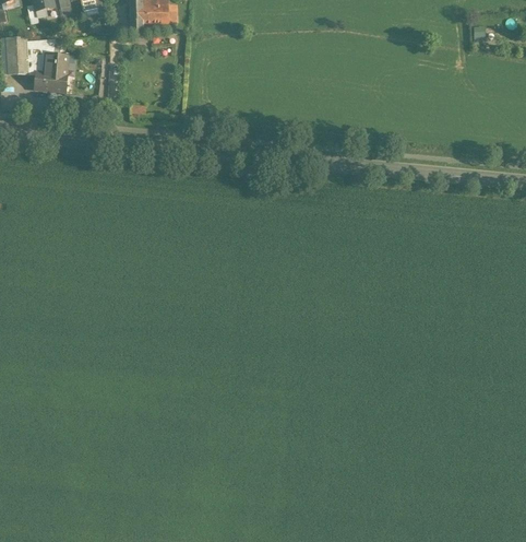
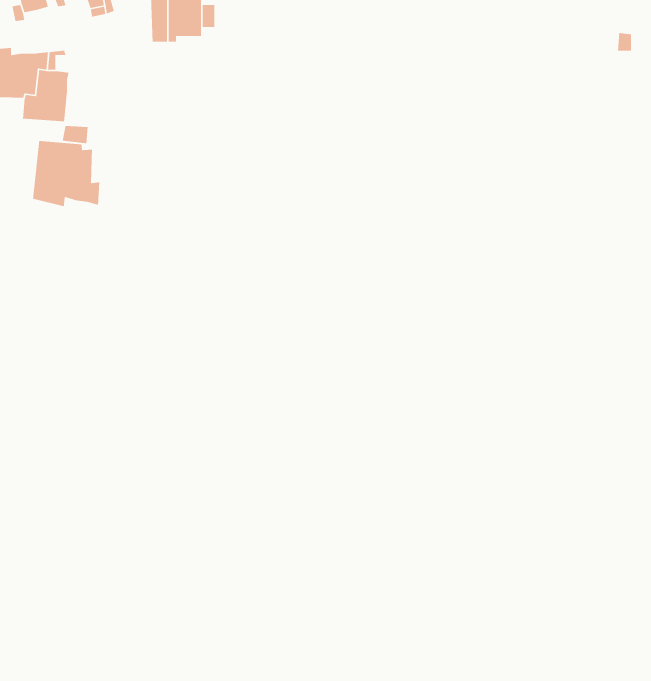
building: none -> [32,140,100,207]

